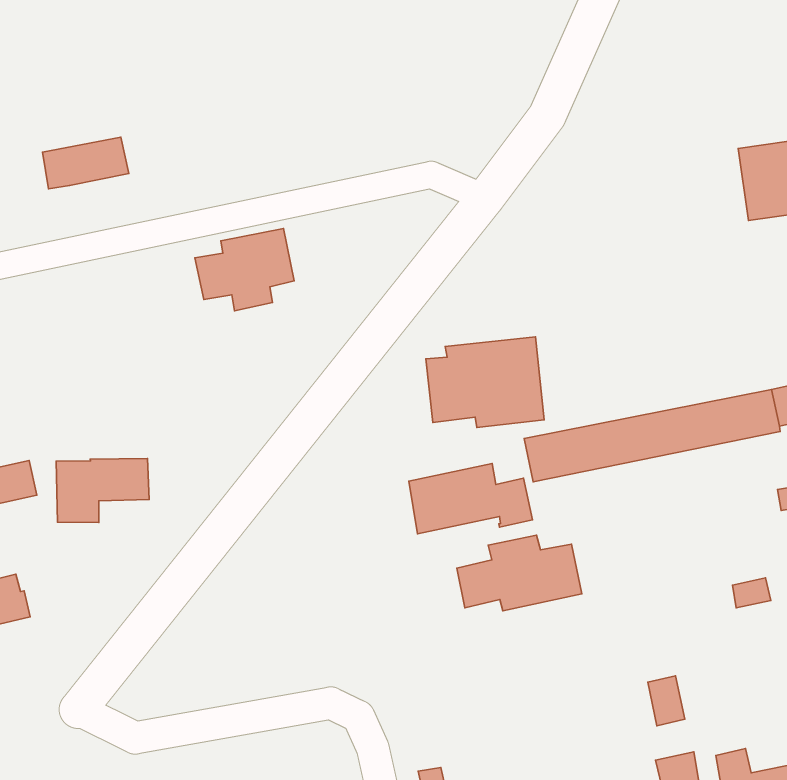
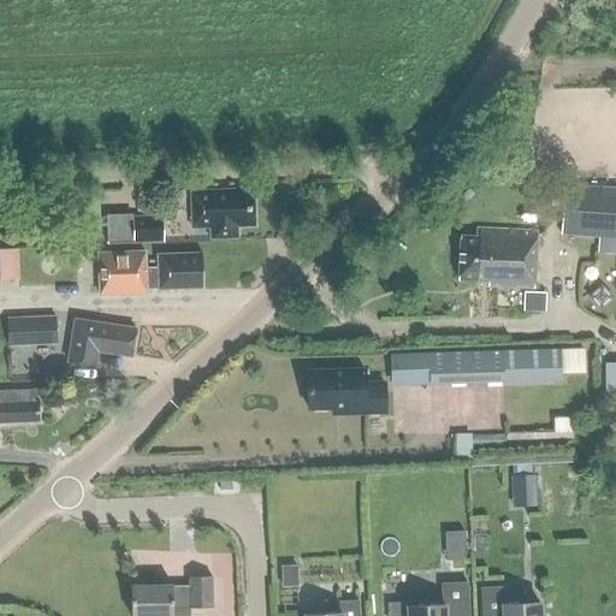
building: [42,137,129,189] -> [107,215,162,242]
building: none -> [97,250,203,294]
building: [426,337,544,428] -> [460,230,538,290]
building: [457,535,582,611] -> none

